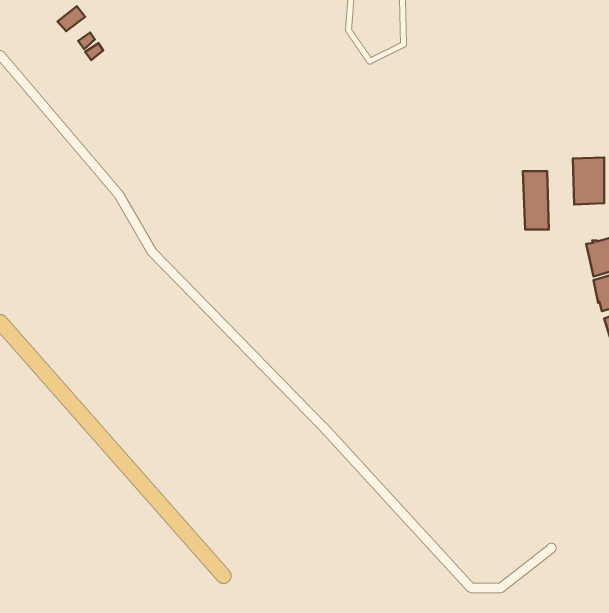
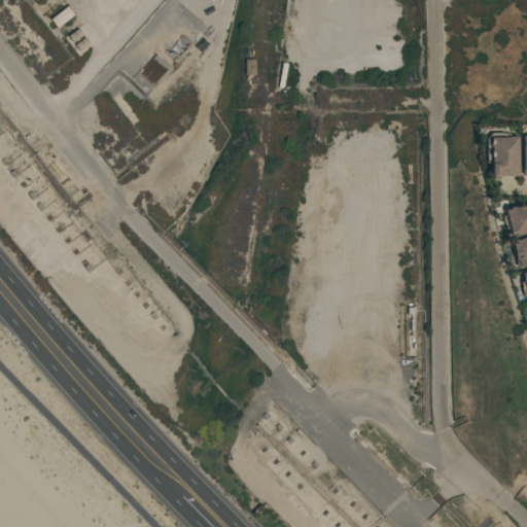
building: [523,171,549,230] -> none

